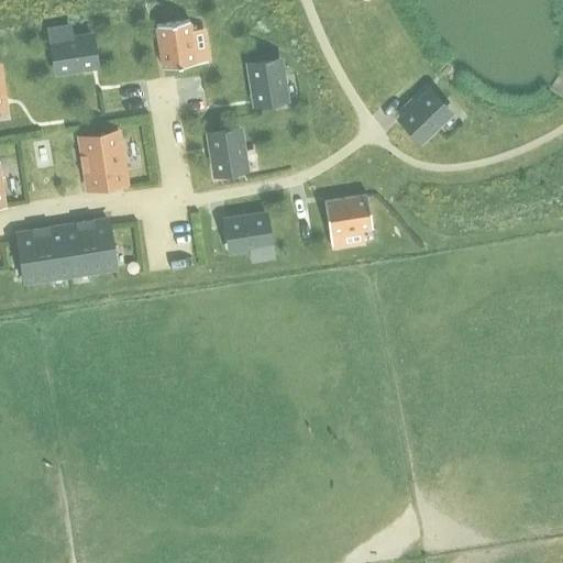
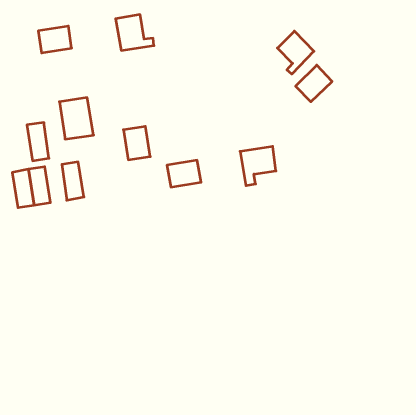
building: none -> [277,31,314,74]
building: [250,57,286,102] -> none
building: [209,128,245,173] -> [123,126,150,160]
building: [60,223,90,275] -> [27,123,49,161]

